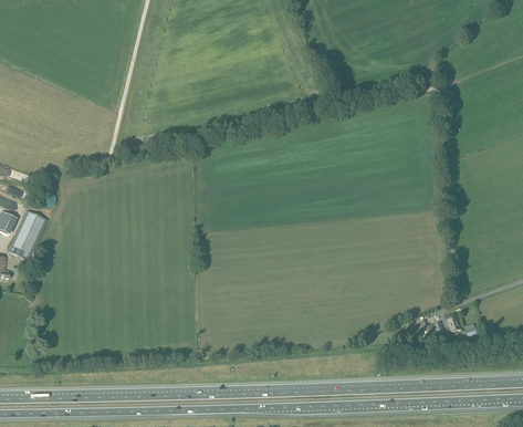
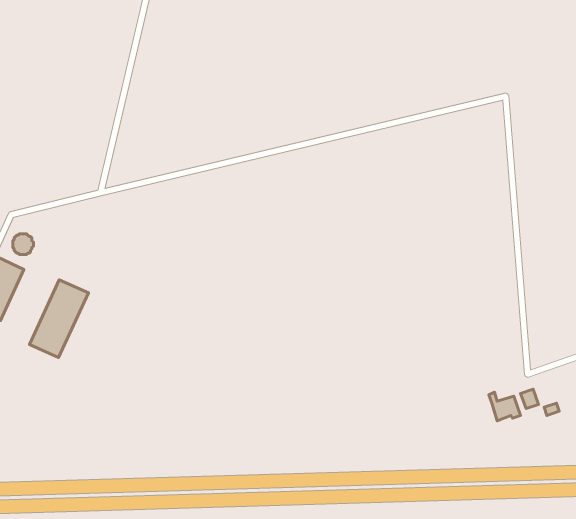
building: none -> [30,280,88,357]

